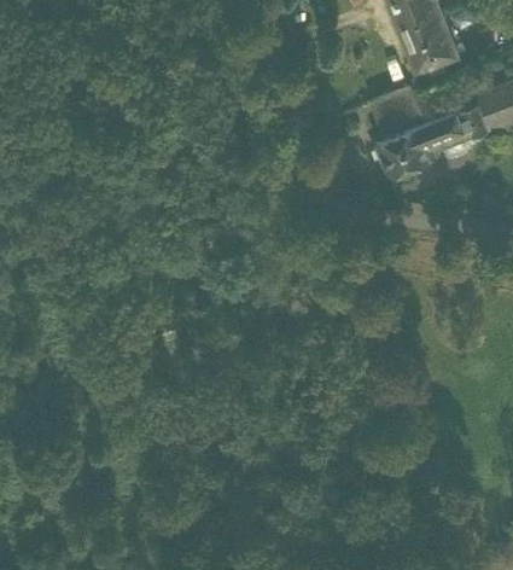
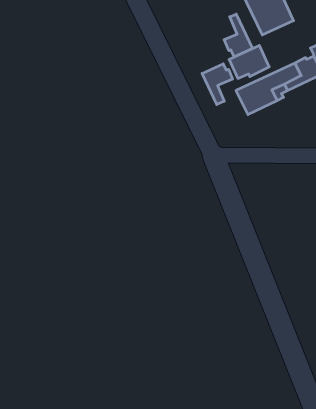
building: none -> [224,14,252,57]
building: none -> [202,64,233,105]

